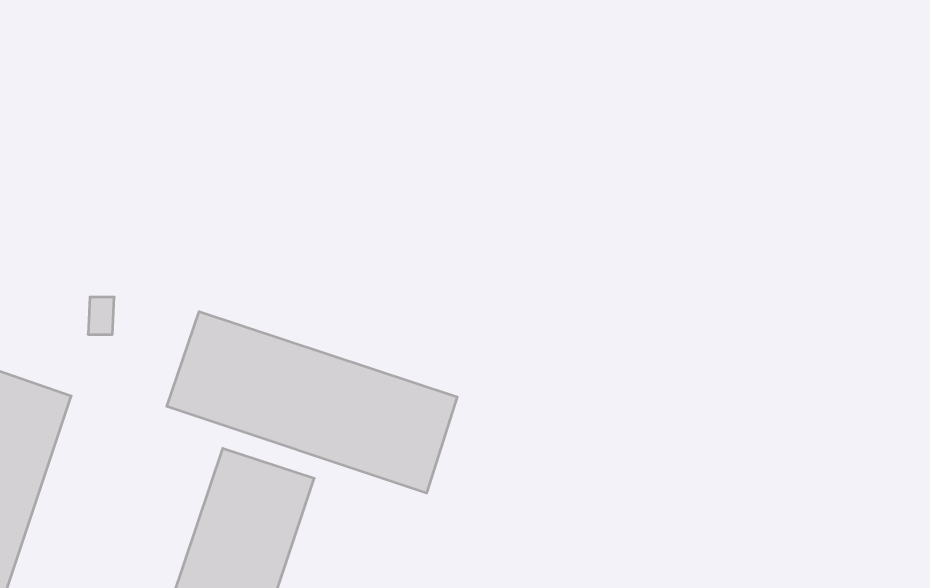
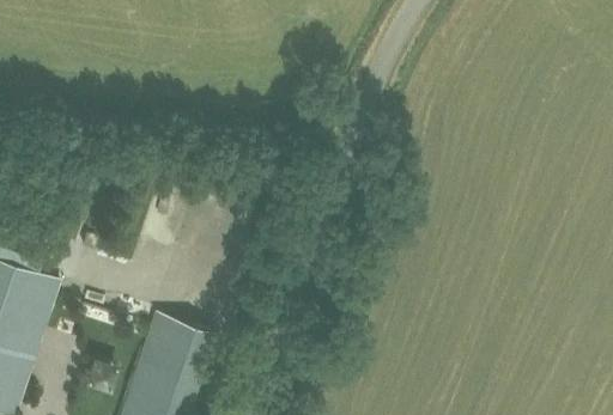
building: [167,312,457,493] -> none

